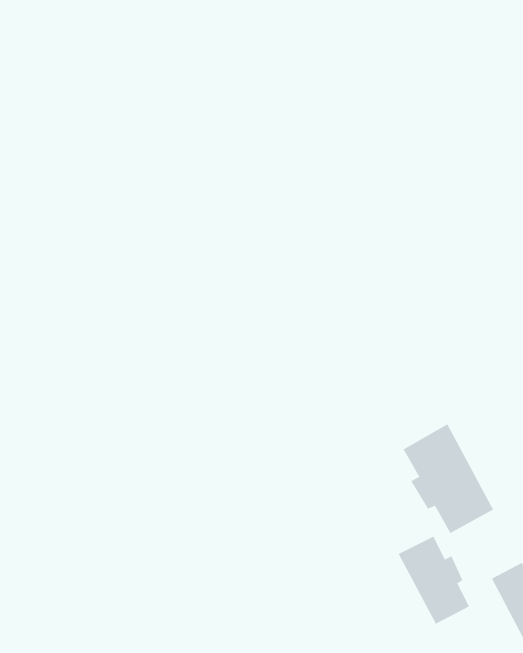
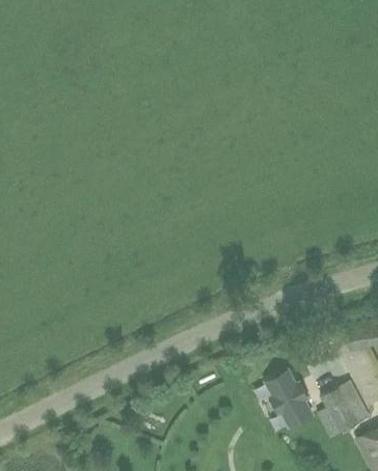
building: [403,424,494,534] -> none

